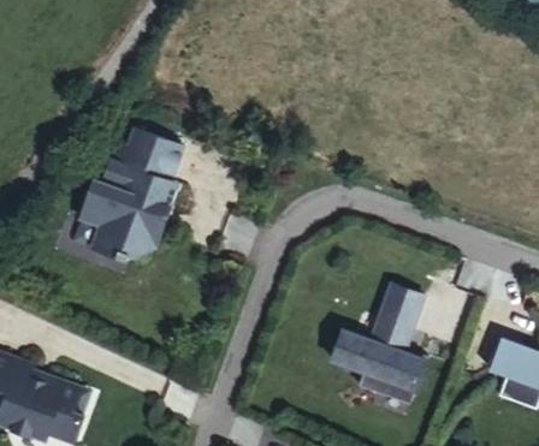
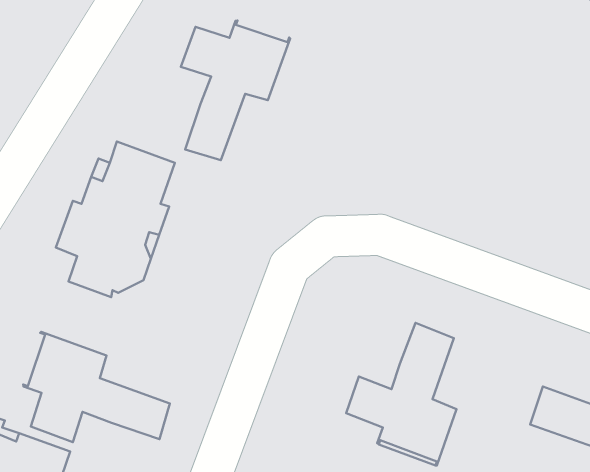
building: none -> [181,20,290,160]
building: none -> [23,332,170,442]

